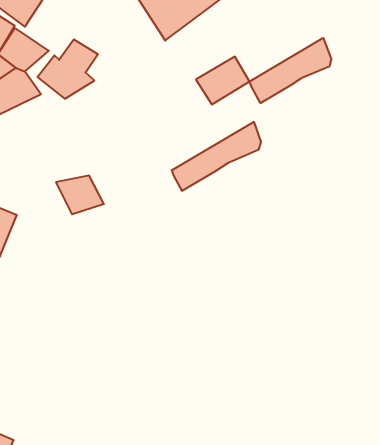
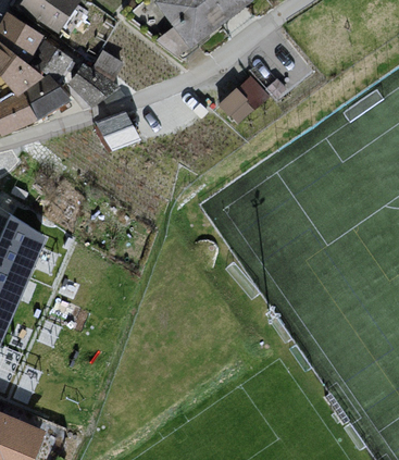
building: [250,38,331,103] -> none
building: [172,122,261,191] -> none
building: [56,175,104,214] -> [96,114,141,151]

